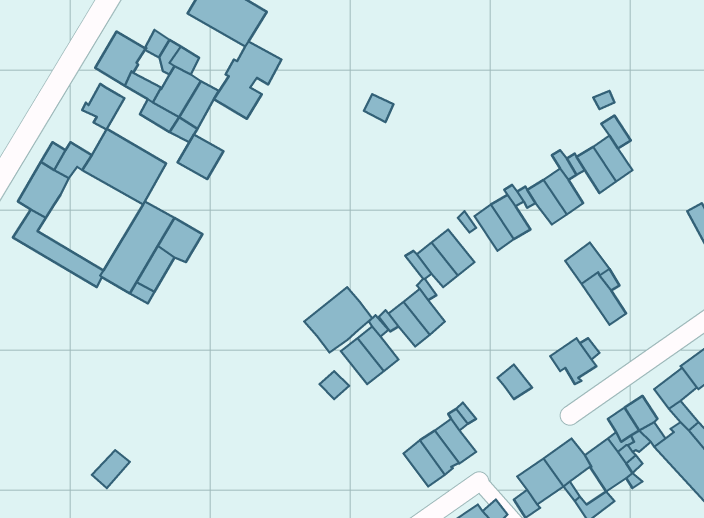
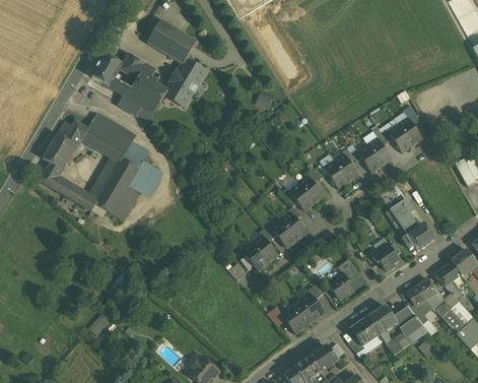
building: [82,84,125,130] -> none
building: [177,135,223,179] -> [122,140,150,168]
building: [304,287,372,352] -> none
building: none -> [403,222,435,250]
building: none -> [328,271,354,299]

